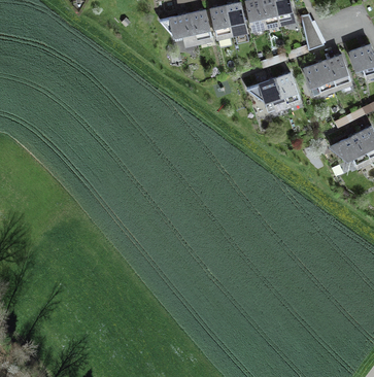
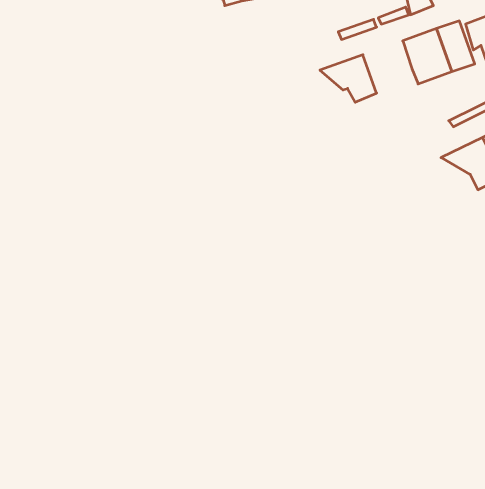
building: [278,71,301,101] -> none

